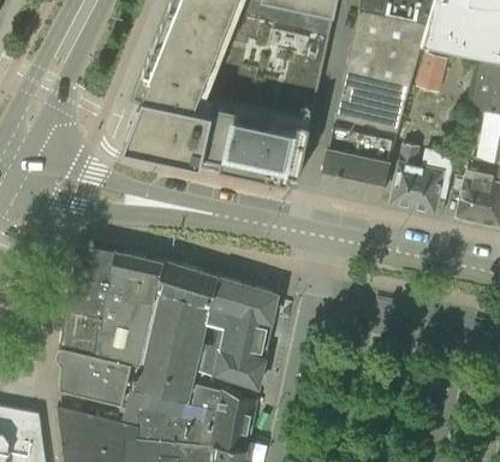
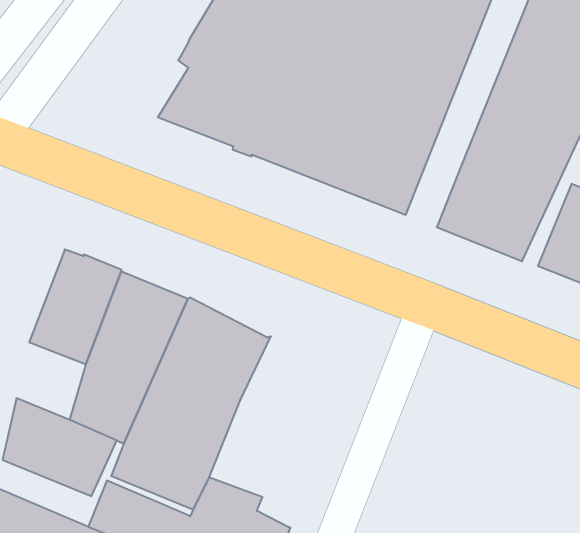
building: [209,279,279,389] -> none
building: [61,309,103,356] -> none

